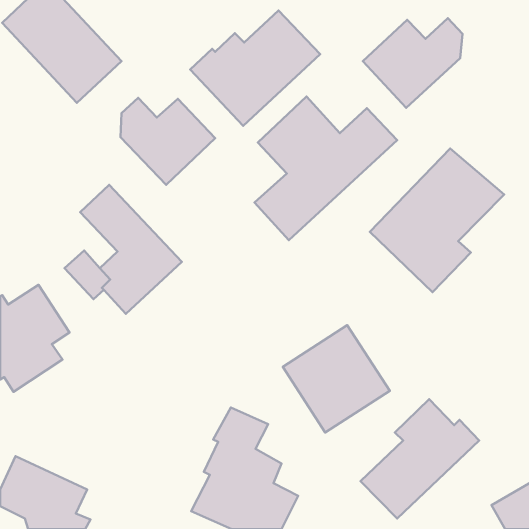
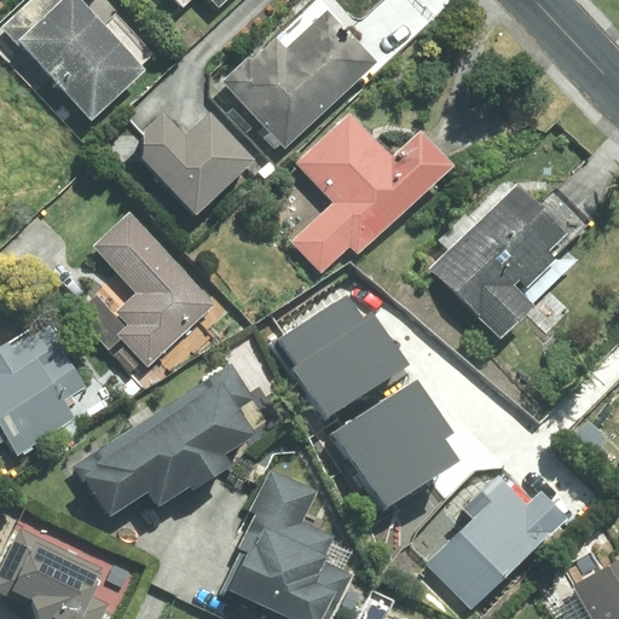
building: [363,18,462,108] -> none
building: none -> [276,293,395,412]
building: none -> [77,365,254,517]

